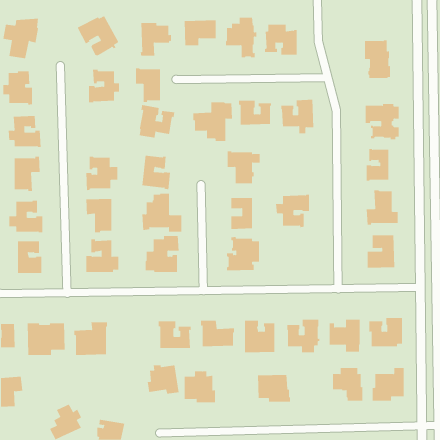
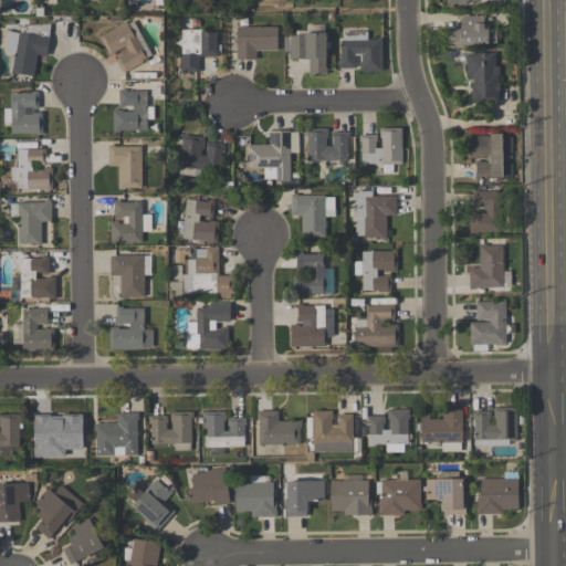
building: none -> [448,14,497,48]
building: [135,68,161,102] -> [109,145,143,189]
building: none -> [353,190,397,238]
building: none -> [355,304,399,348]
building: none -> [149,411,193,451]
building: none -> [128,479,176,532]
building: none -> [377,480,422,515]
building: none -> [285,481,324,517]
building: none -> [35,485,84,538]

